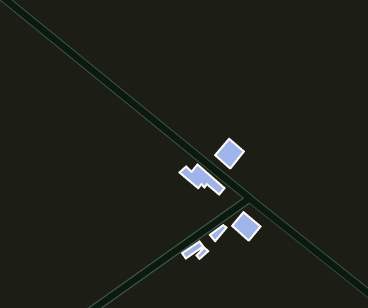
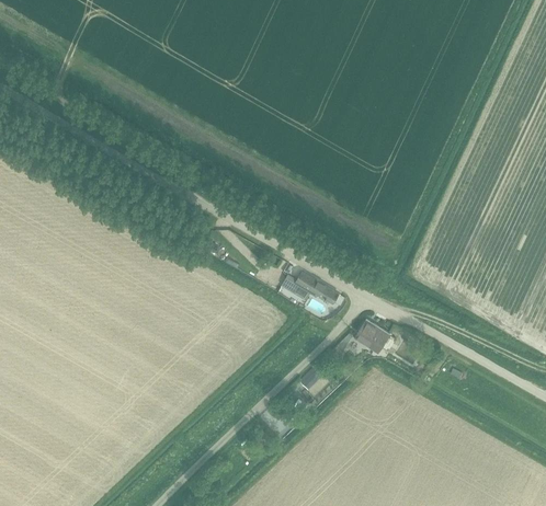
building: [215,139,244,168] -> none

